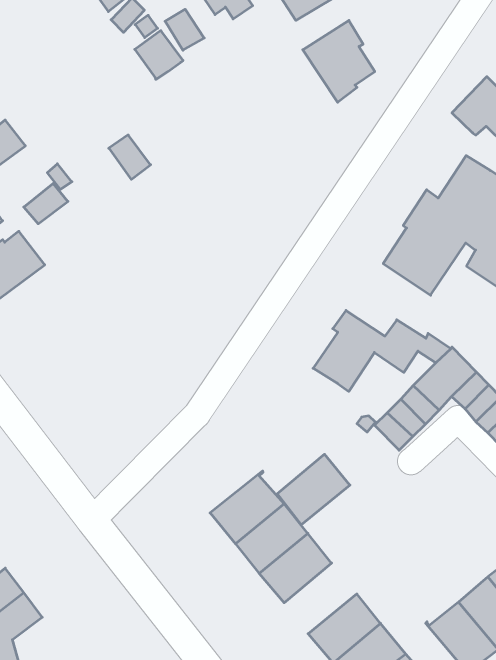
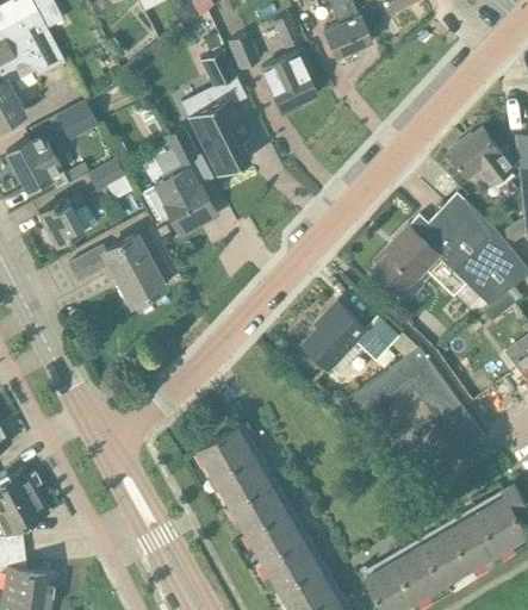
building: [303,20,375,102] -> [260,50,316,116]
building: none -> [186,95,251,176]
building: none -> [142,169,212,235]
building: none -> [69,235,163,305]
building: [277,454,350,525] -> [248,508,309,562]

